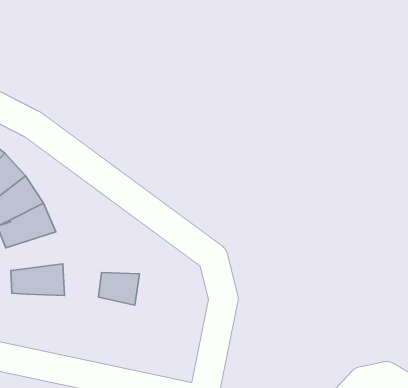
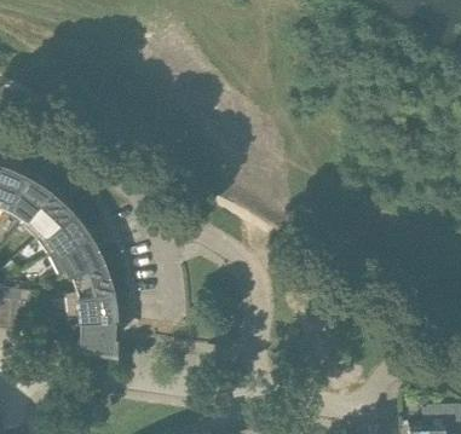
building: none -> [73,261,114,297]
building: [98,272,140,305] -> [81,319,117,348]

